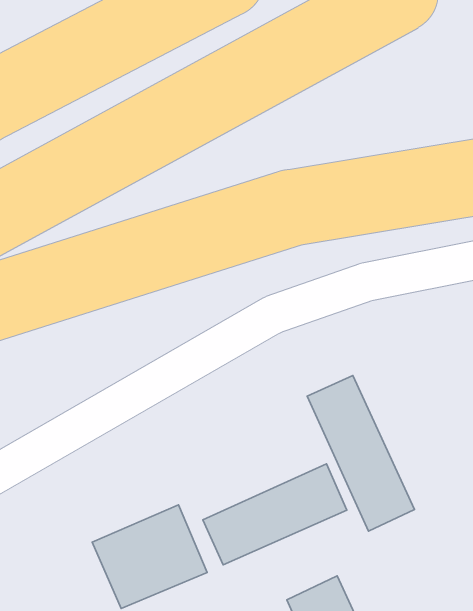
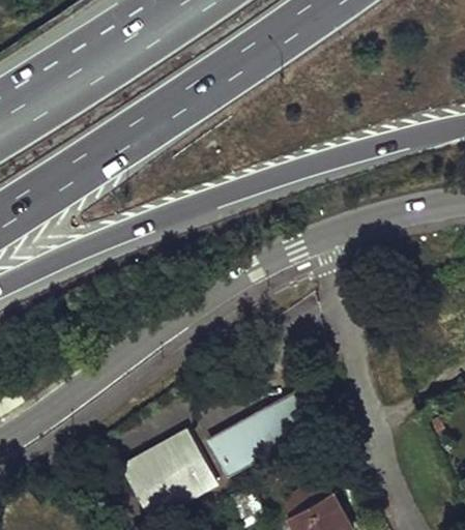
building: [307,375,415,531] -> none

